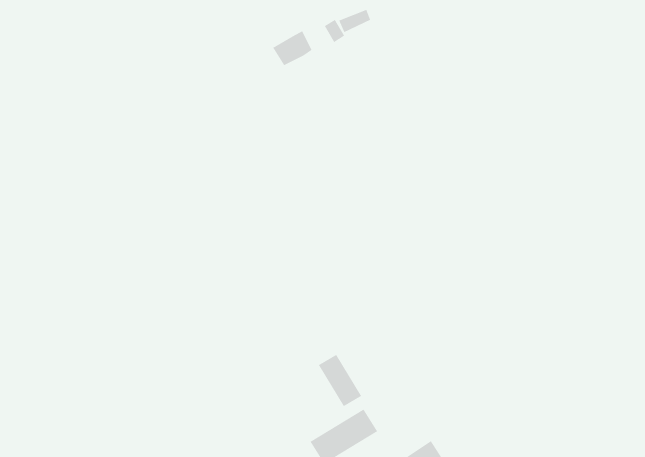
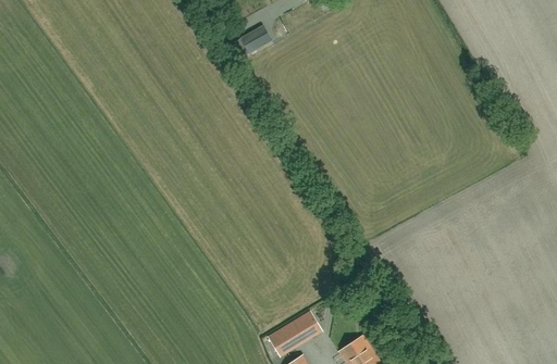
building: [318,354,362,407] -> none

